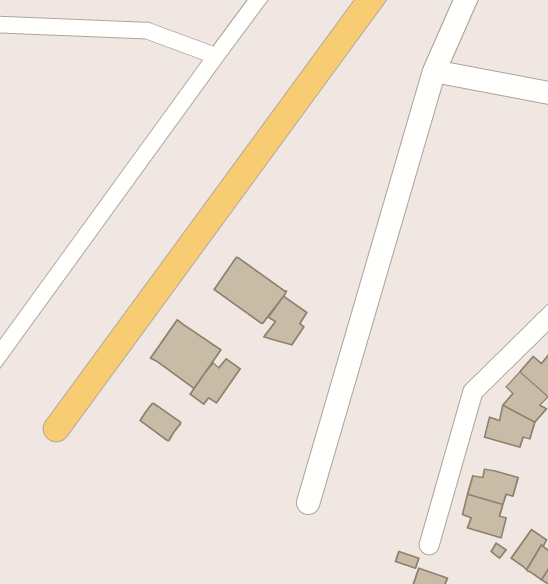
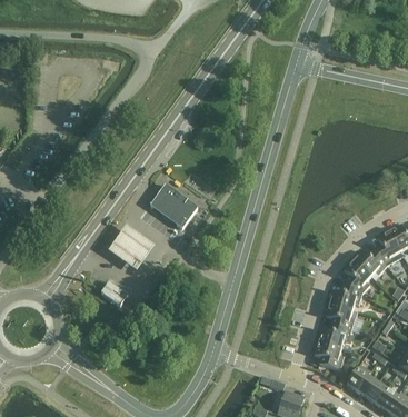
building: [264,296,307,345] -> none
building: [190,359,240,404] -> none
building: none -> [326,304,355,330]

